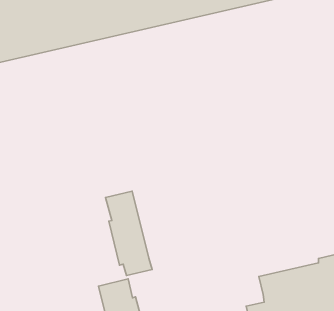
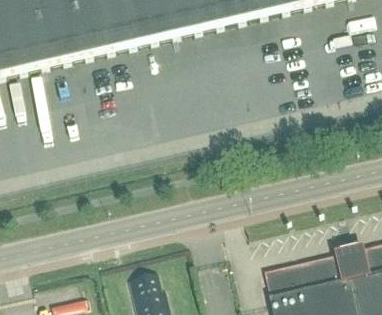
building: [106,191,152,276] -> none

